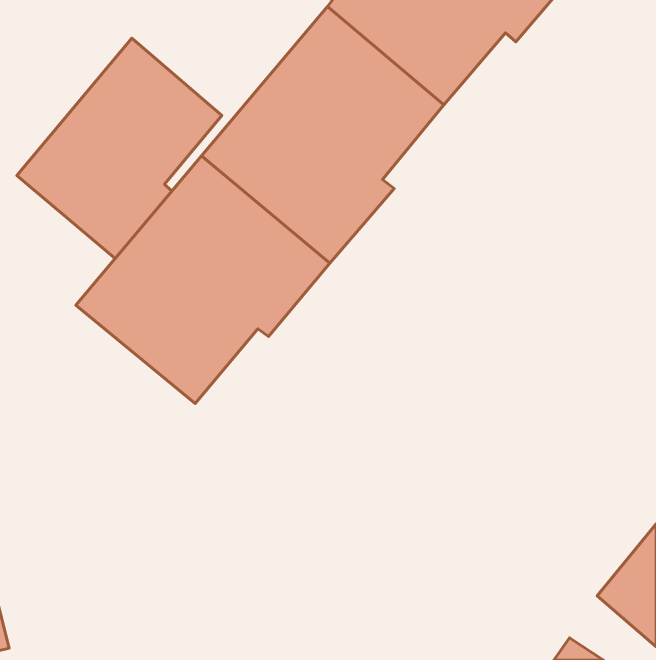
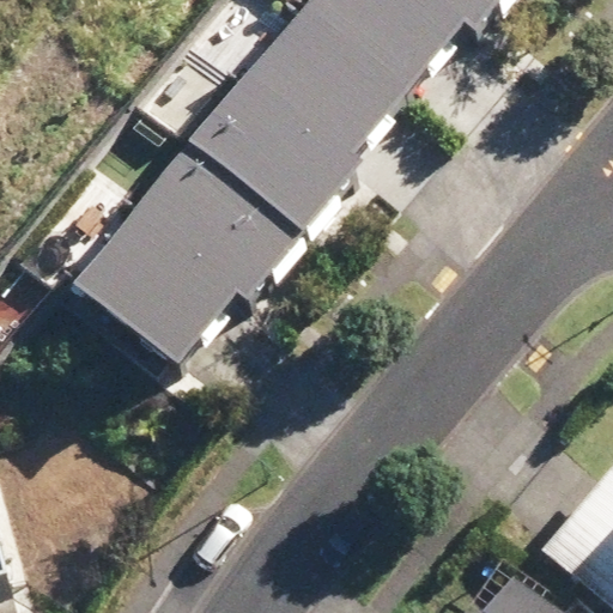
building: [17,38,222,258] -> none

